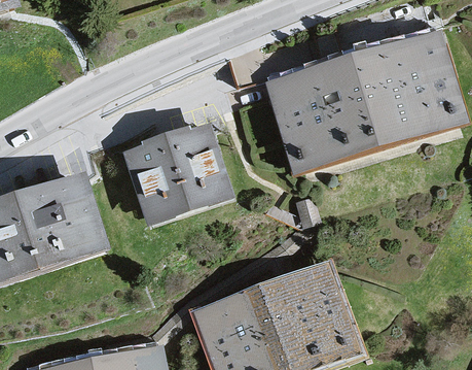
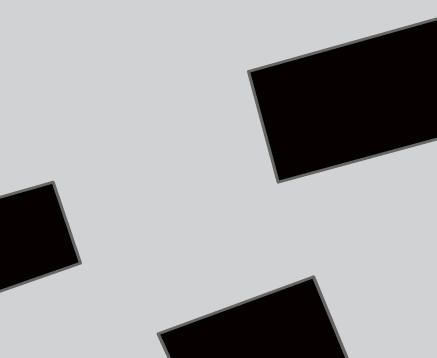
building: [121,119,233,233] -> none

